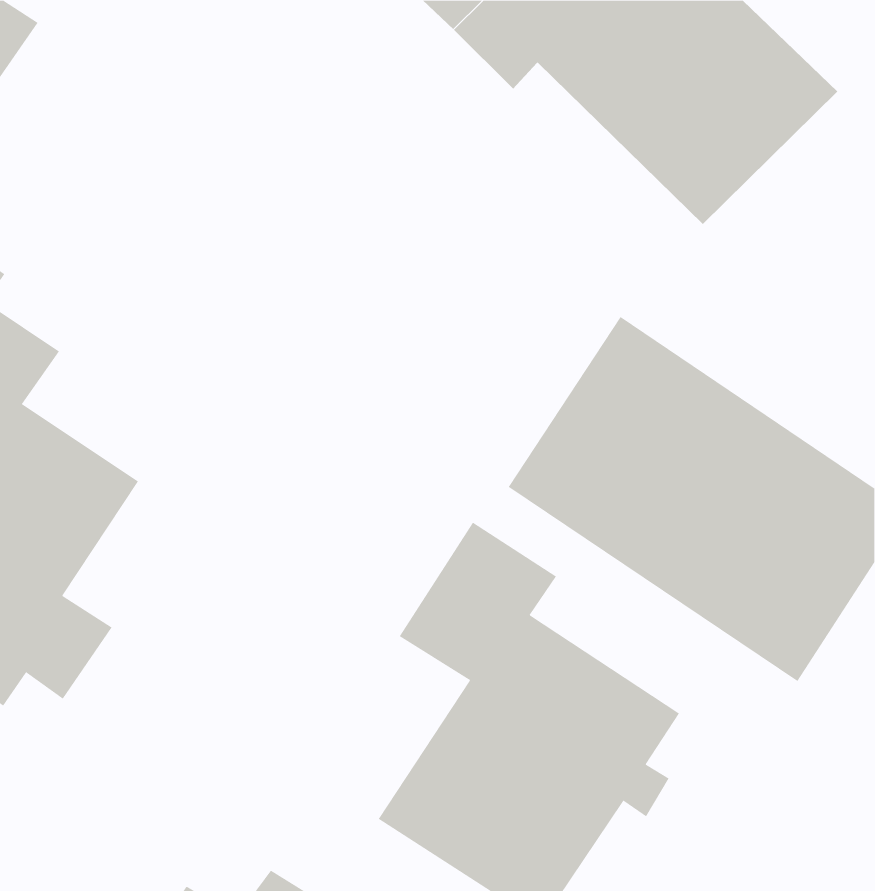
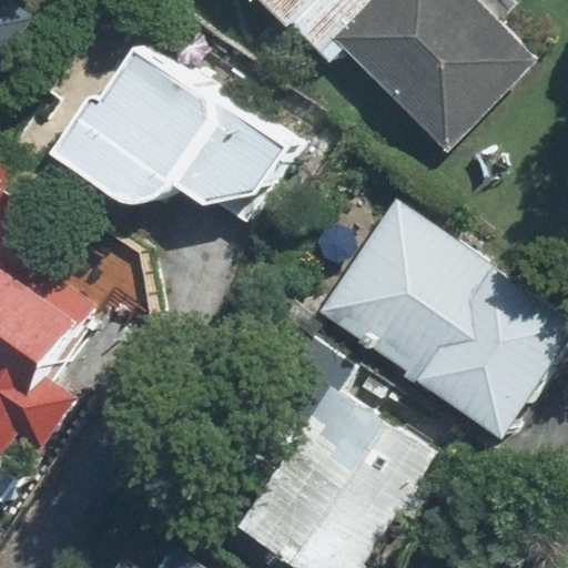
building: none -> [58,45,294,222]

